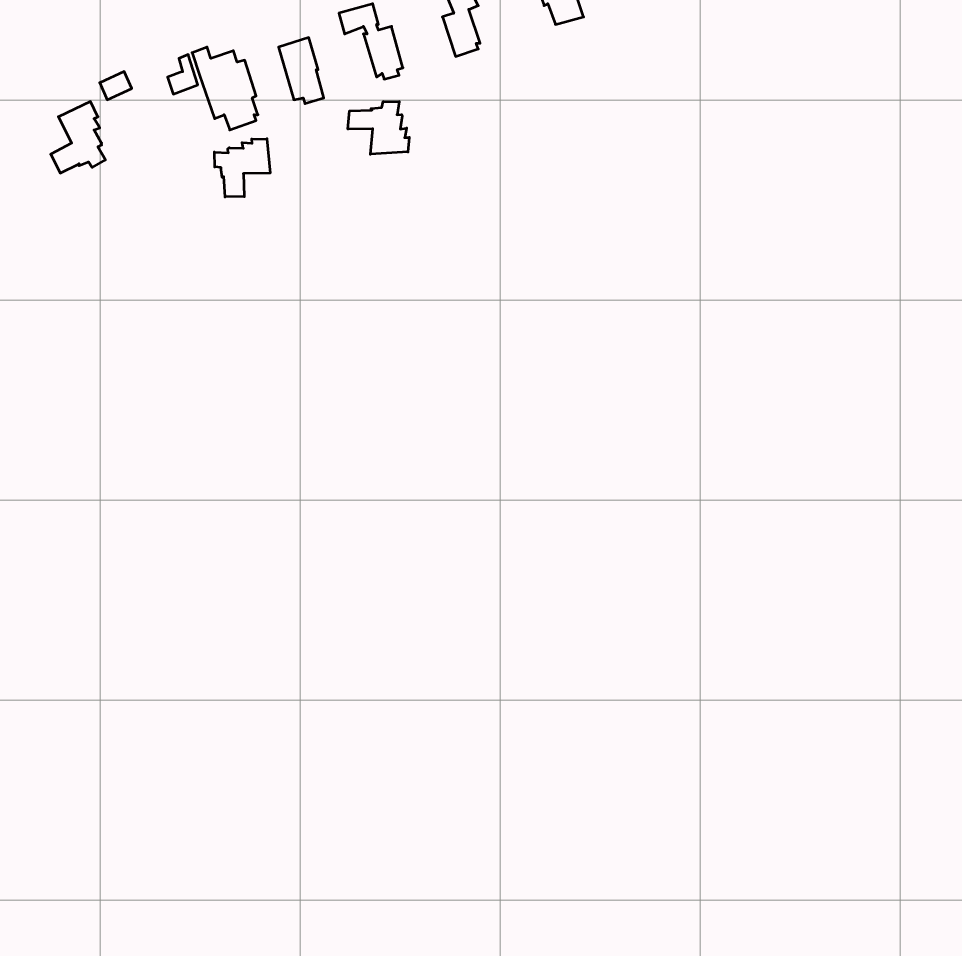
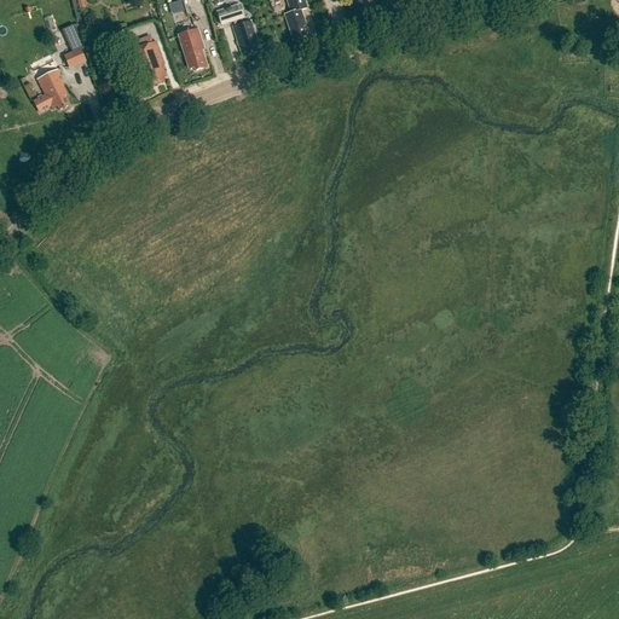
building: [348,102,409,154] -> none
building: [214,139,270,197] -> none

